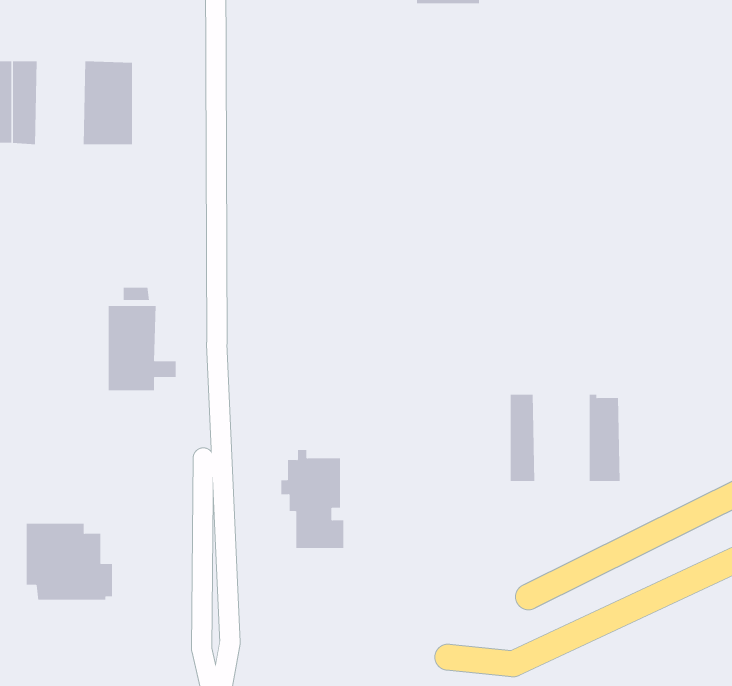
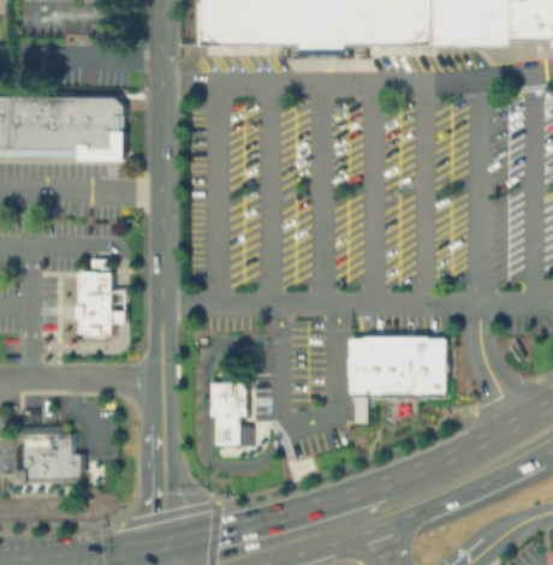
building: none -> [28,95,63,155]
building: none -> [97,96,127,155]
building: none -> [347,334,368,397]
building: none -> [385,334,424,397]

